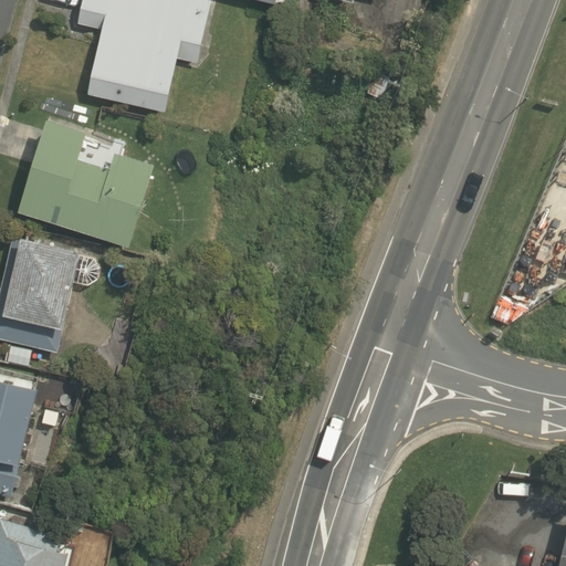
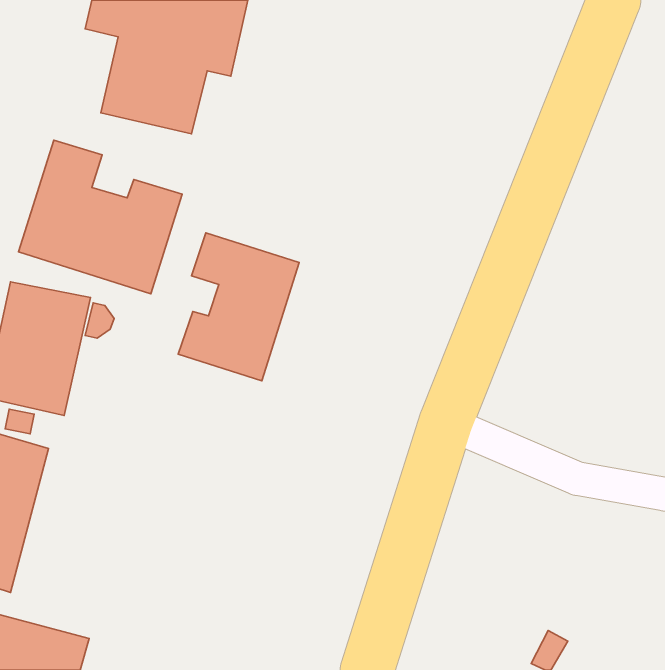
building: none -> [178,233,299,381]

